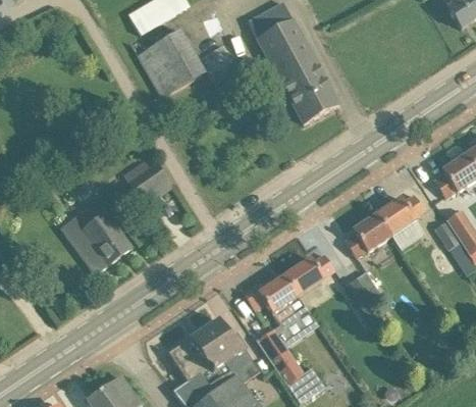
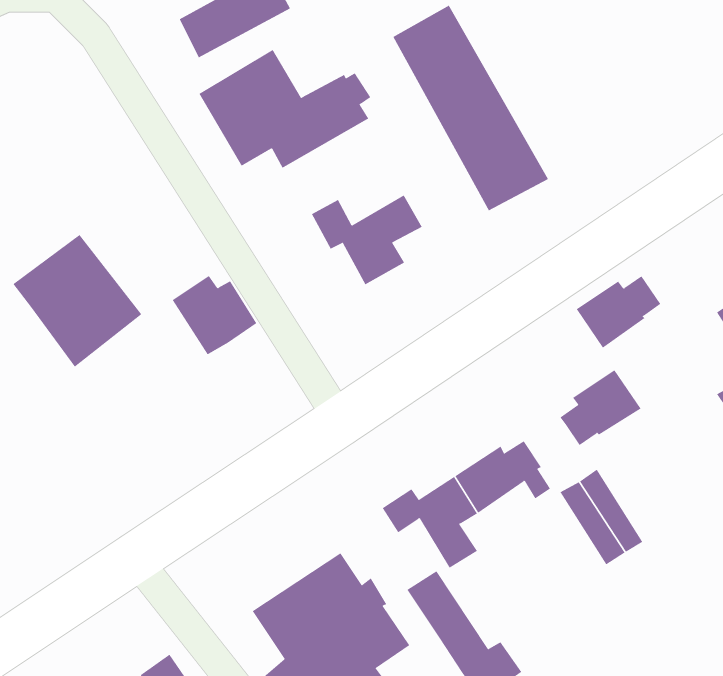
building: none -> [311,194,422,285]
building: [376,194,425,236] -> [576,275,661,348]
building: [57,200,131,276] -> [12,234,142,368]

